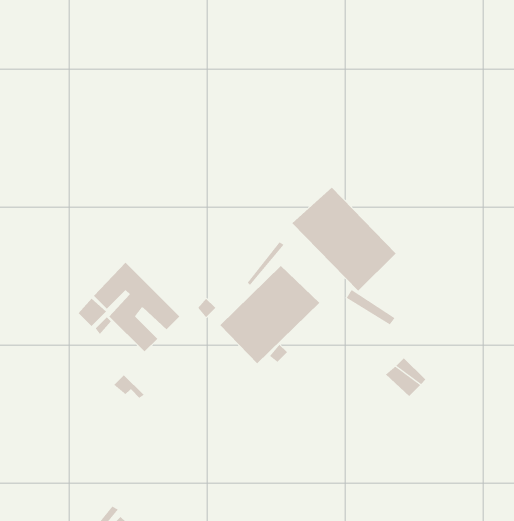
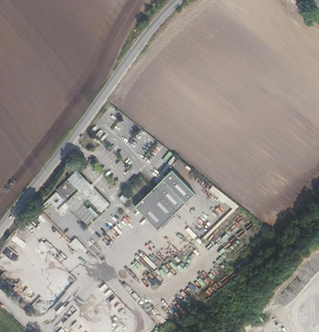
building: [291,187,396,291] -> none

